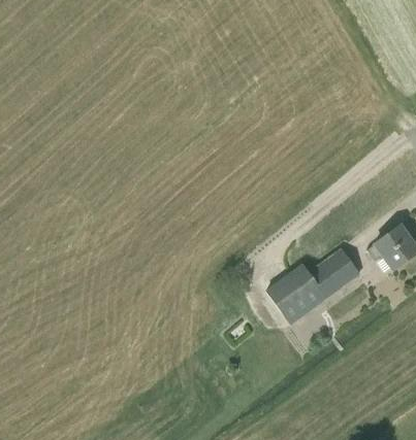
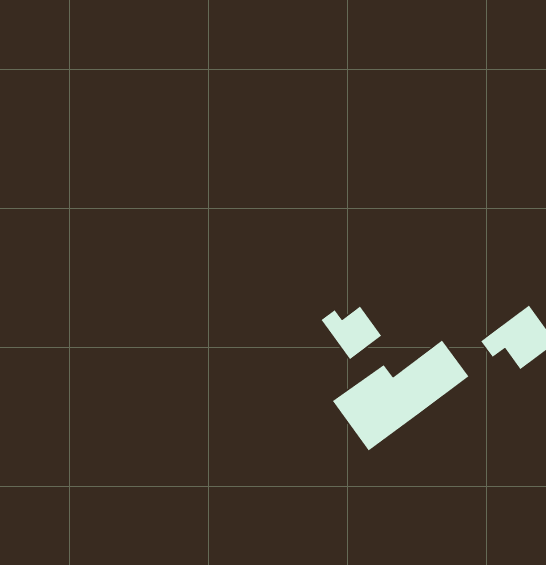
building: none -> [320,305,382,360]

